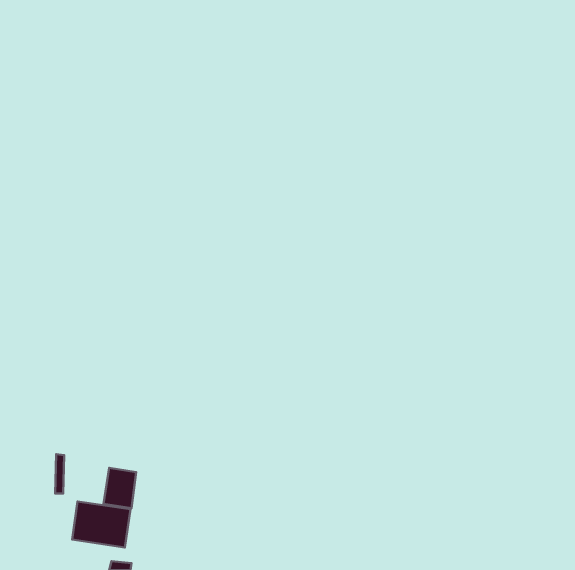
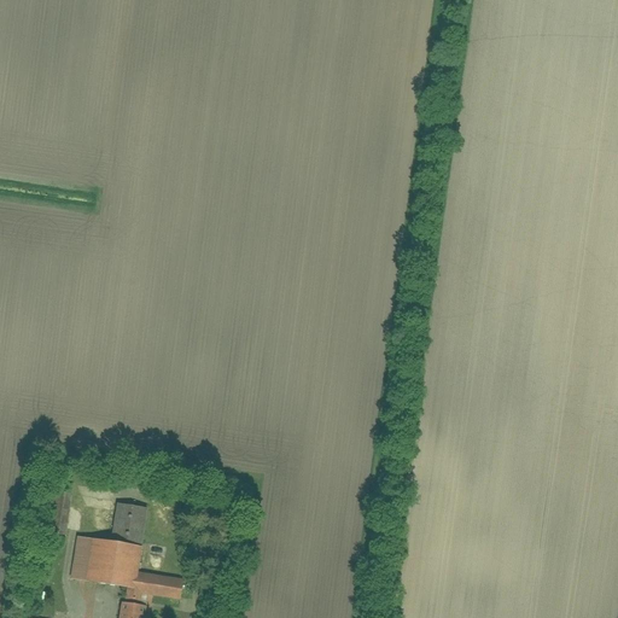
building: none -> [135,571,182,599]

